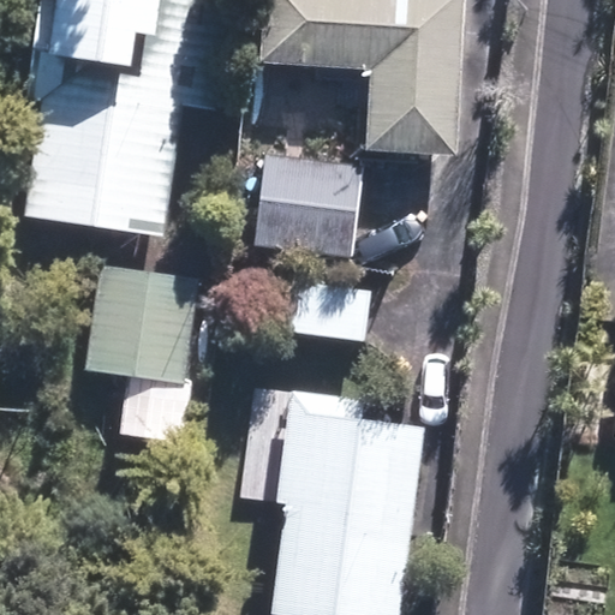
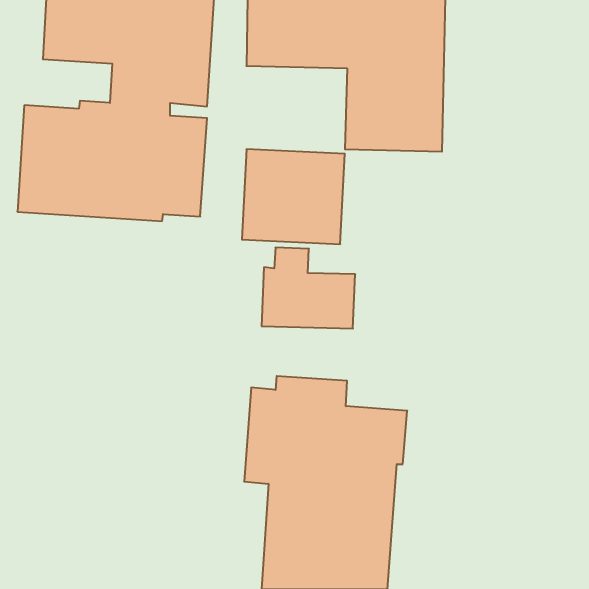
building: [83,265,207,444] -> none

